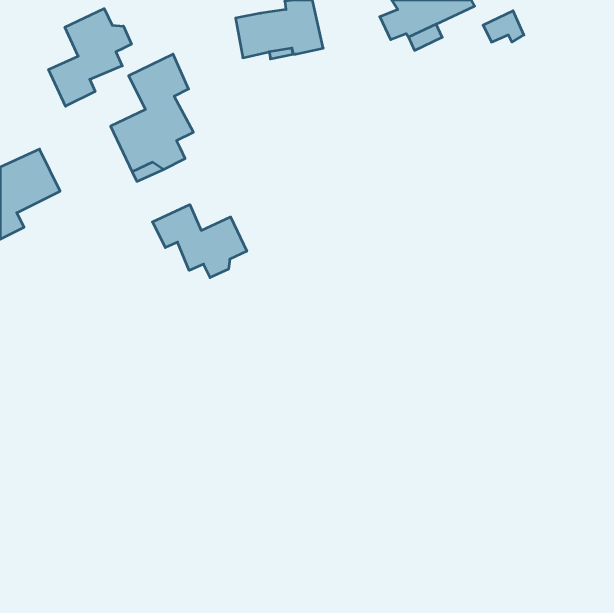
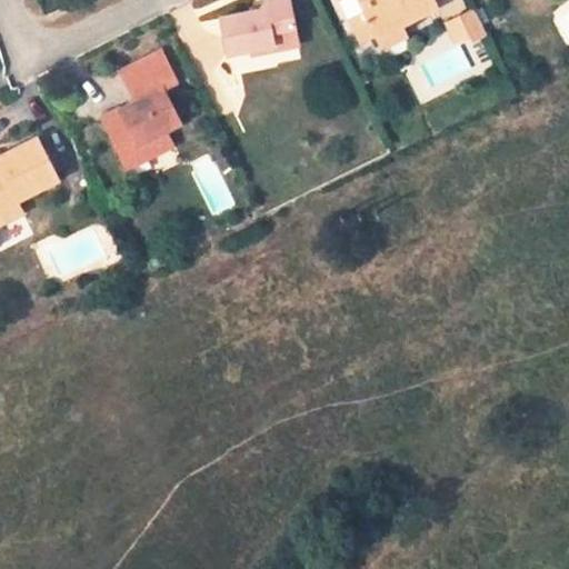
building: [49,9,131,106] -> none
building: [152,205,247,278] -> none

